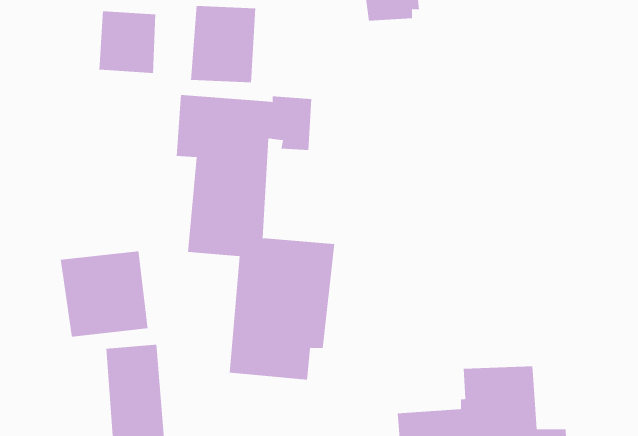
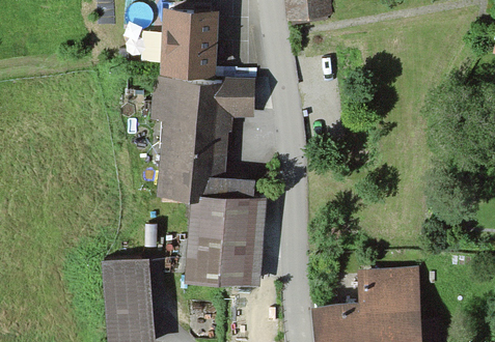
building: [99,10,156,74] -> none
building: [60,251,148,337] -> none

